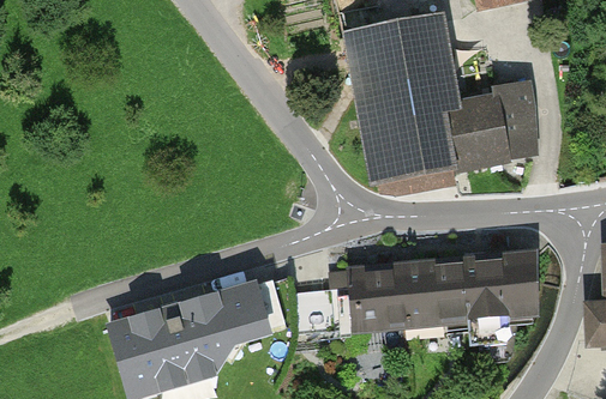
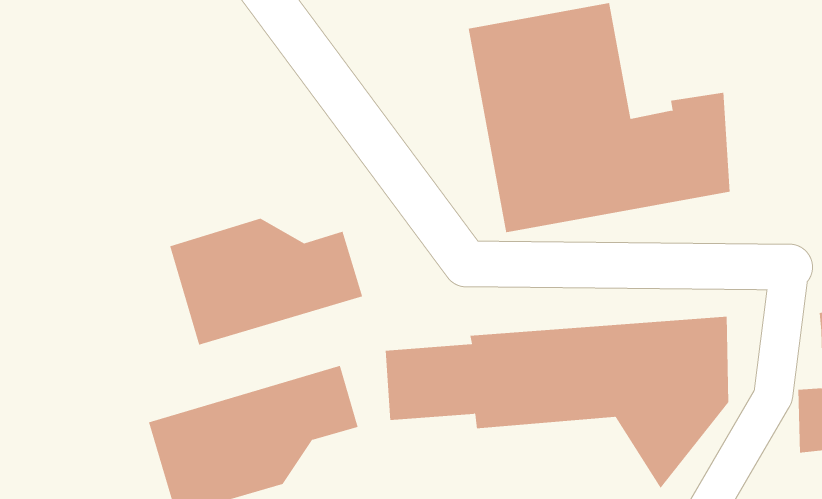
building: none -> [169,218,363,345]

